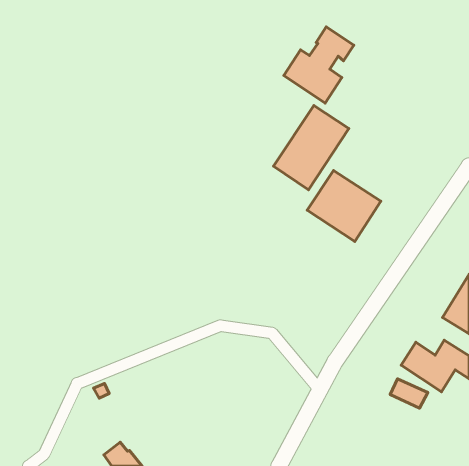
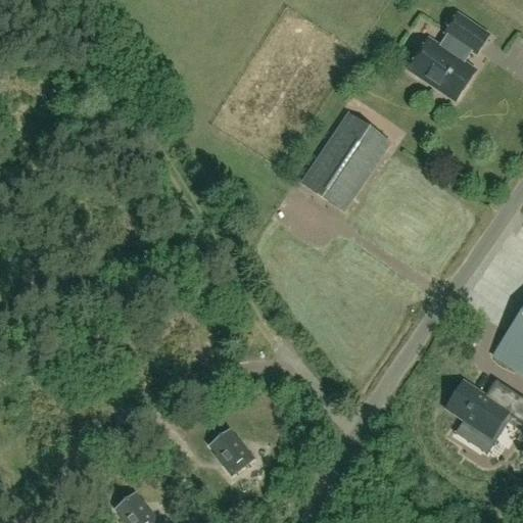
building: [284,27,354,103] -> [410,14,487,99]
building: [307,170,381,242] -> none
building: none -> [209,429,253,475]

